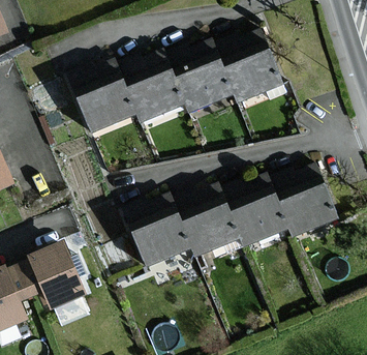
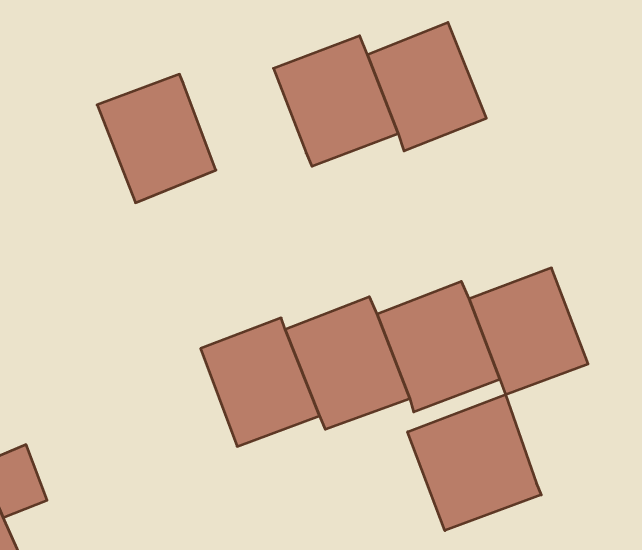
building: [116,51,182,123] -> none
building: none -> [408,395,541,531]
building: [29,244,84,310] -> none

